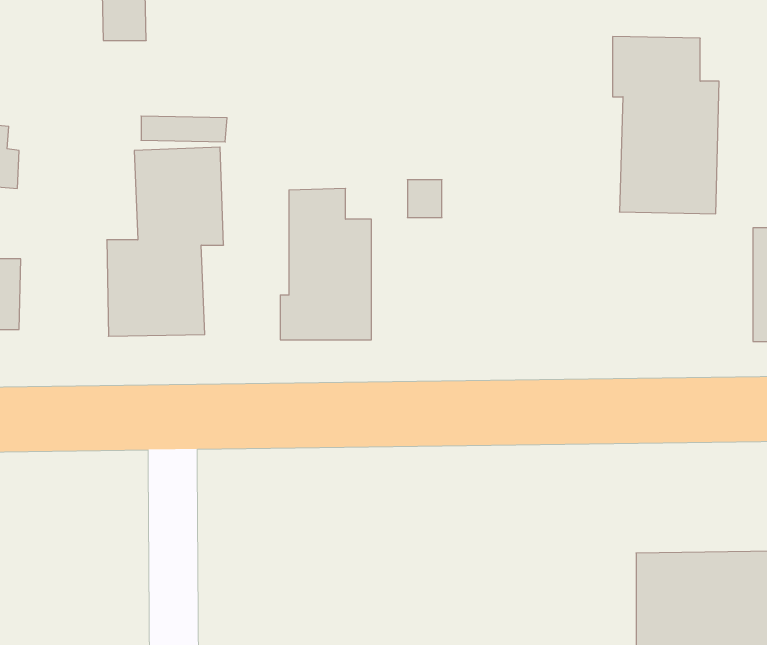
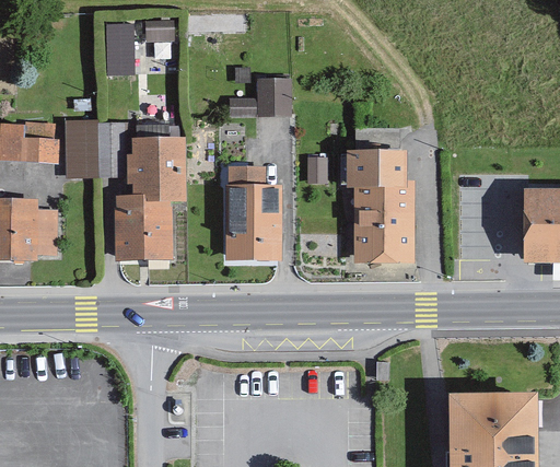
building: [613,37,719,214] -> [347,151,415,264]
building: none -> [229,78,289,115]
building: none -> [63,117,97,177]

